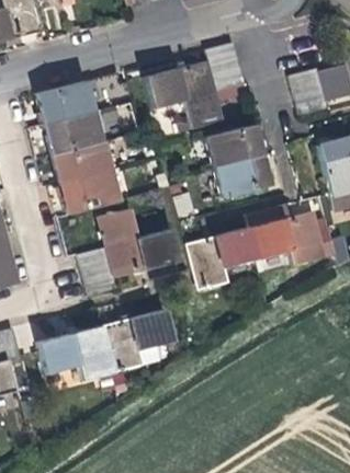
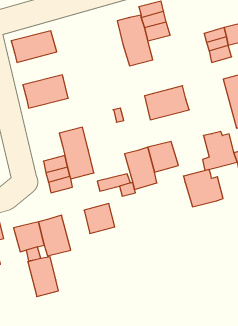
building: [144,68,184,107] -> none
building: [44,108,104,152] -> none
building: [205,125,263,166] -> none
building: [59,170,120,212] -> none
building: [246,209,298,258] -> [183,169,223,207]
building: [138,229,179,268] -> none
building: [103,318,144,370] -> [28,257,58,297]

